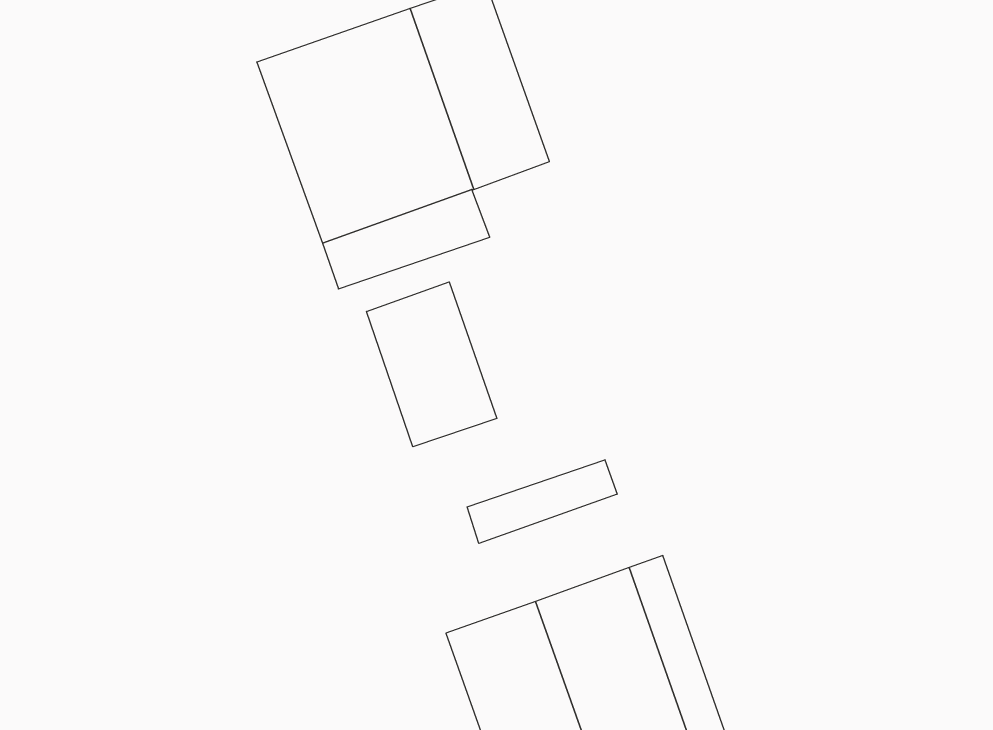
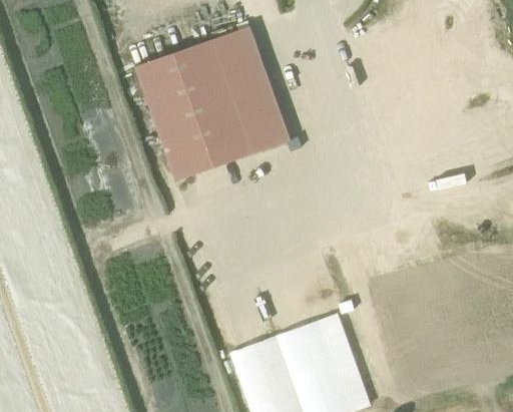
building: none -> [242,116,290,154]
building: [367,282,497,447] -> none
building: [467,460,617,543] -> none

